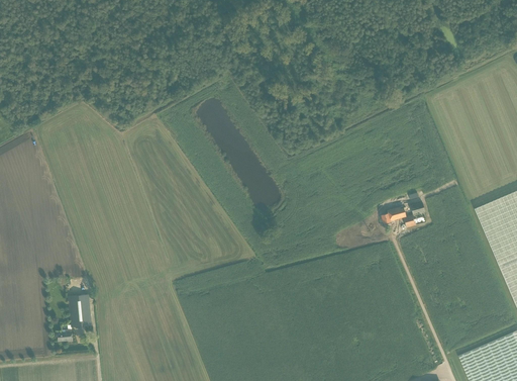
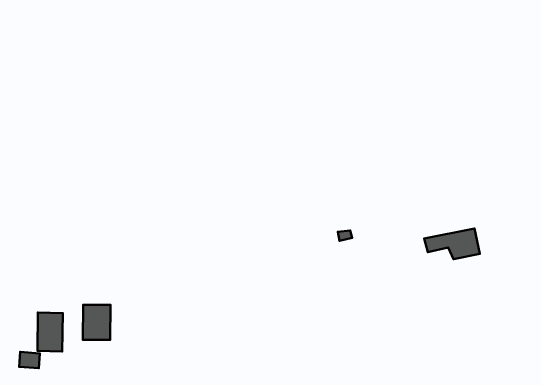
building: none -> [83,305,110,340]

